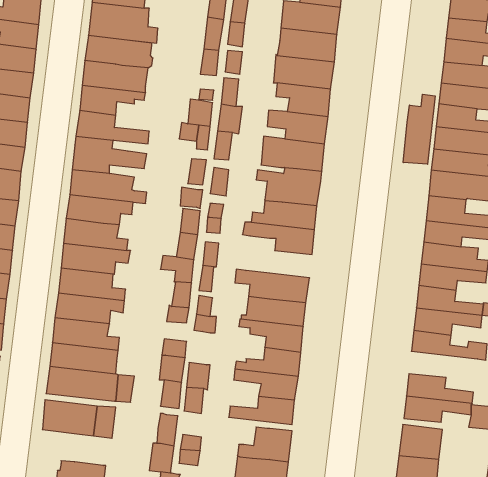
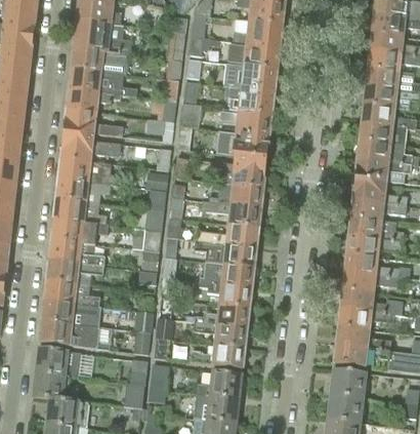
building: [403,94,435,164] -> none
building: none -> [196,224,258,246]
building: none -> [338,307,394,328]
building: none -> [33,371,69,399]

